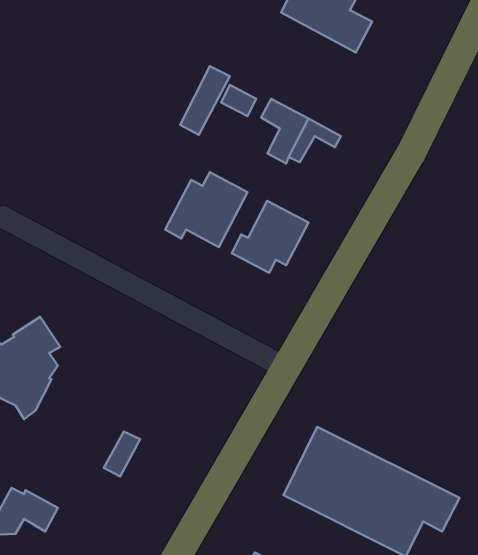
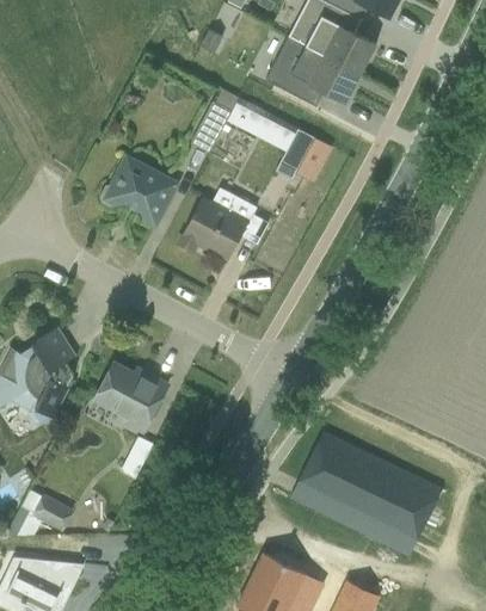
building: none -> [264,36,359,106]
building: none -> [99,153,178,226]
building: [232,201,308,273] -> none
building: none -> [93,363,167,431]

